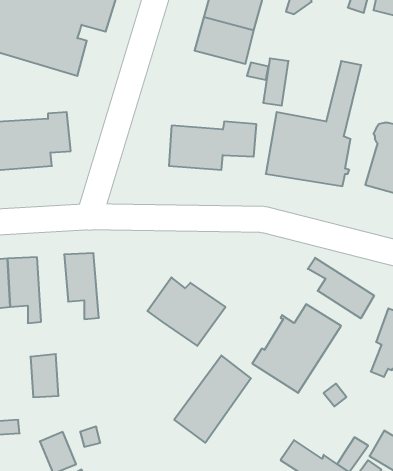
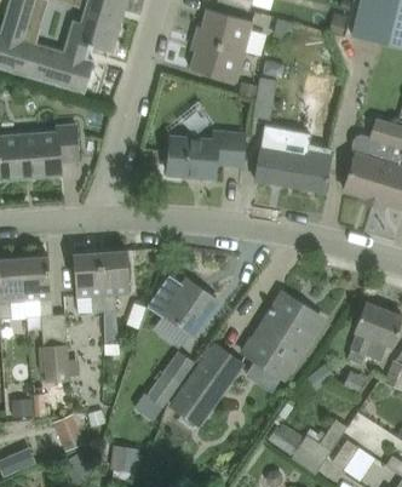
building: none -> [99,251,130,340]
building: [308,258,374,318] -> none
building: none -> [145,351,194,408]

